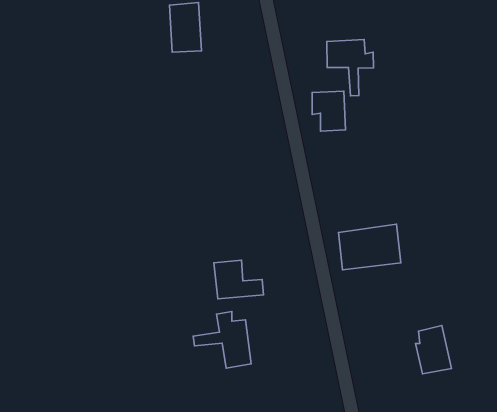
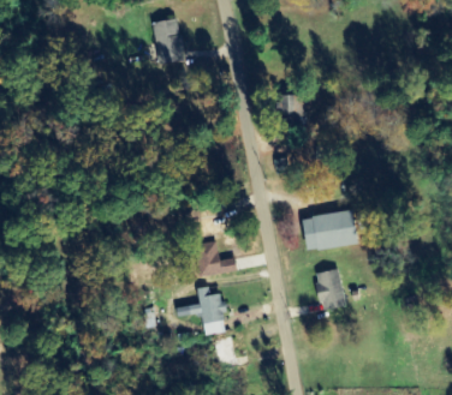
building: [327,39,373,96] -> none
building: [416,325,452,374] -> [315,268,346,310]

